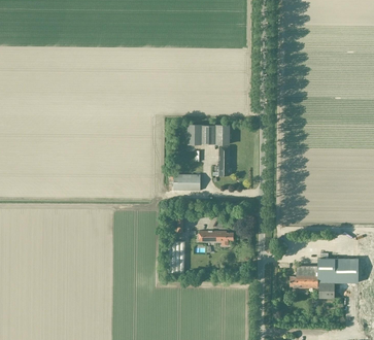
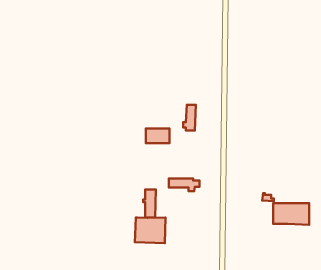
building: [188,125,230,144] -> none
building: [290,266,334,298] -> none
building: none -> [135,217,166,243]

